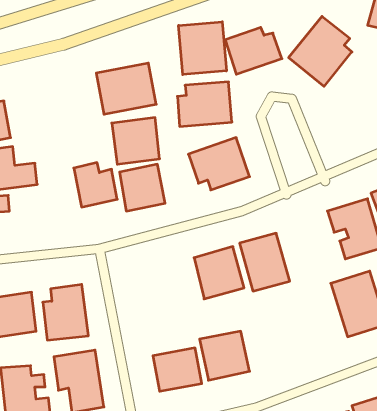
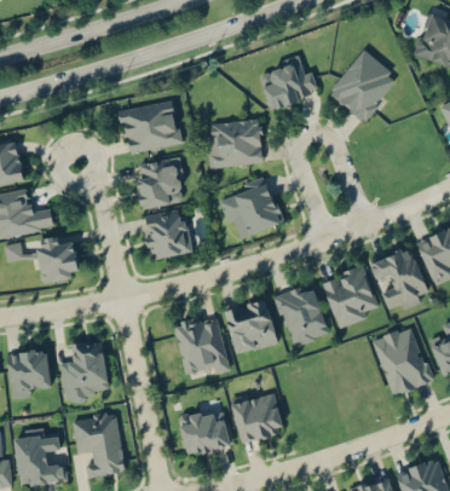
building: [179,22,226,75] -> none
building: [74,163,117,207] -> [33,236,80,284]
building: none -> [321,266,380,328]
building: none -> [173,314,230,380]

